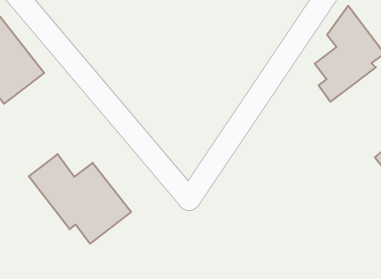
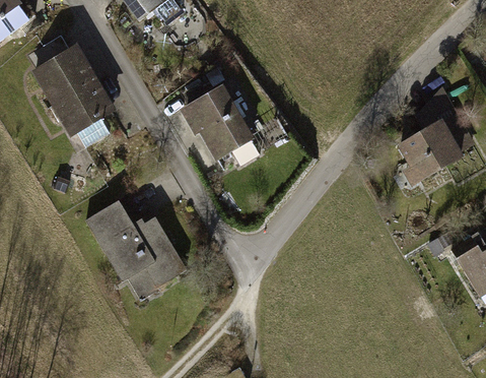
building: none -> [181,86,254,165]

